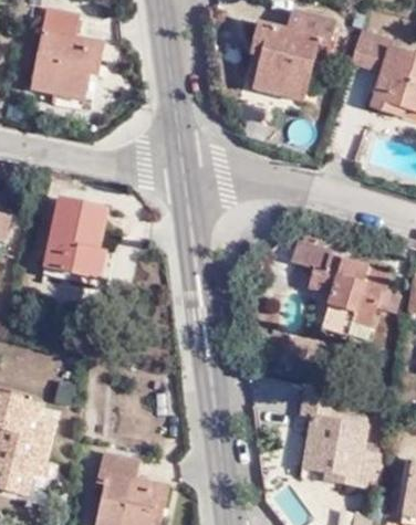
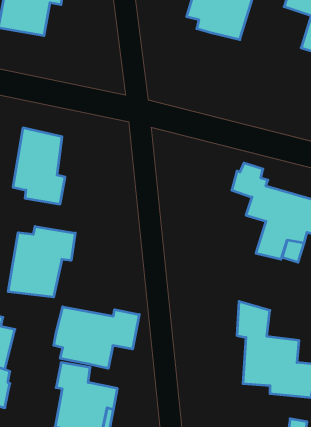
building: none -> [8,226,75,297]
building: none -> [54,307,139,368]

